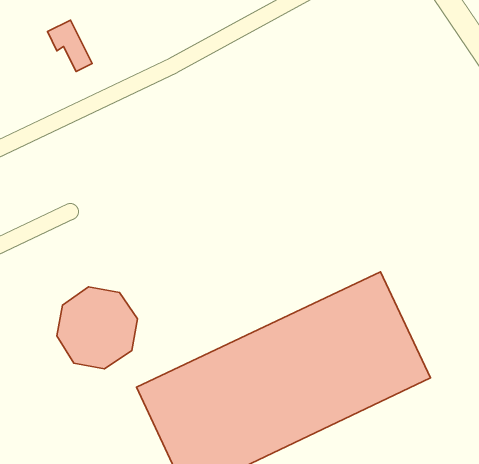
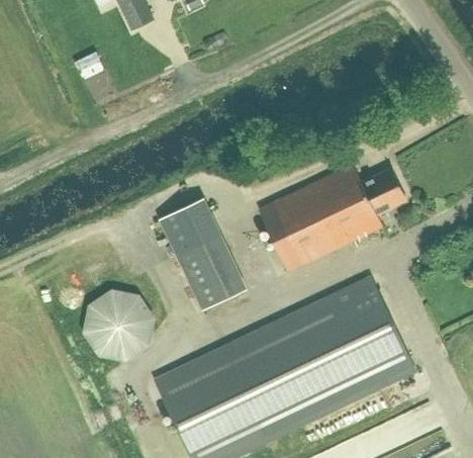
building: none -> [258,164,405,271]
building: none -> [159,196,248,309]

